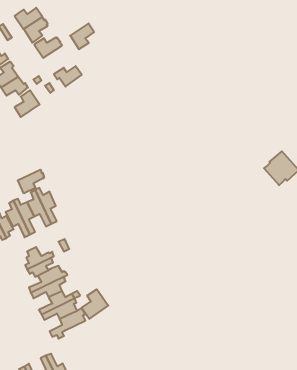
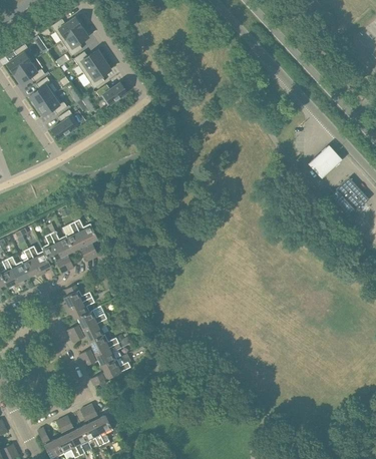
building: [70,23,94,49] -> [83,59,110,88]
building: none -> [309,144,344,178]
building: [18,170,44,193] -> none
building: [82,289,108,319] -> none

